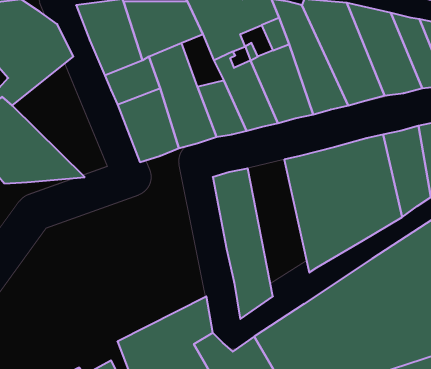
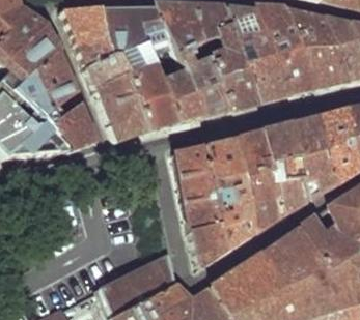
building: none -> [151,34,187,78]
building: none -> [11,53,100,152]
building: none -> [206,138,257,251]

